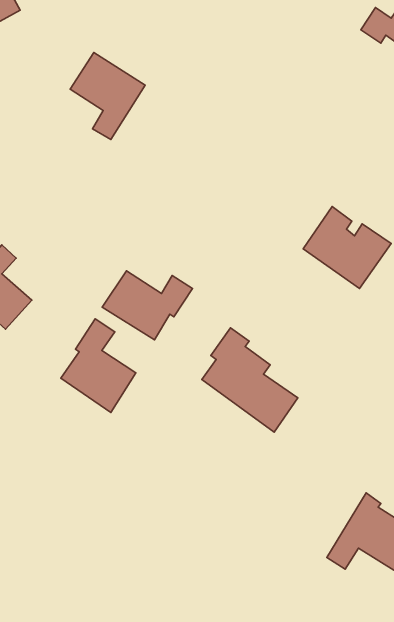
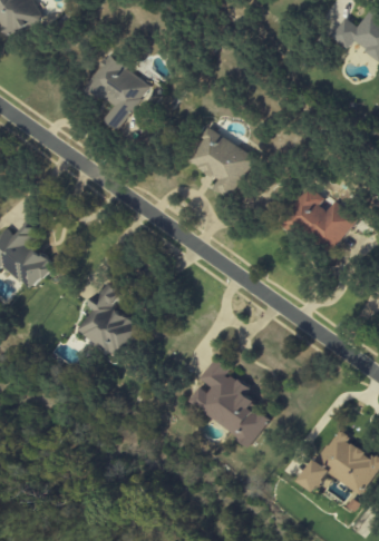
building: none -> [188,128,257,199]
building: [102,271,192,340] -> none
building: [202,328,298,432] -> [190,357,271,445]

